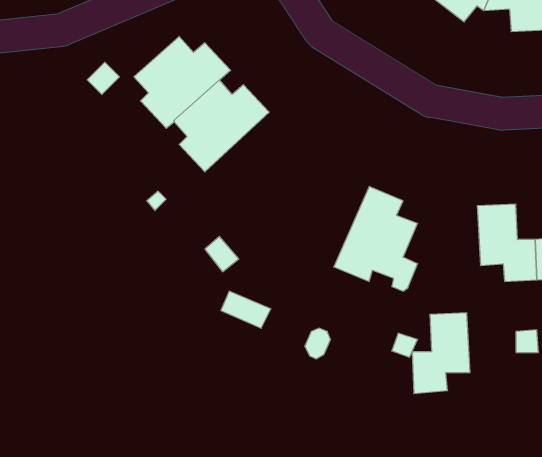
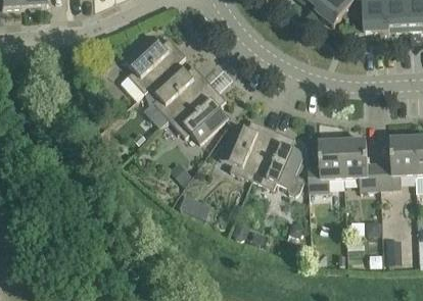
building: none -> [170,82,228,142]
building: none -> [220,119,274,180]
building: [412,313,470,394] -> [308,141,344,192]

